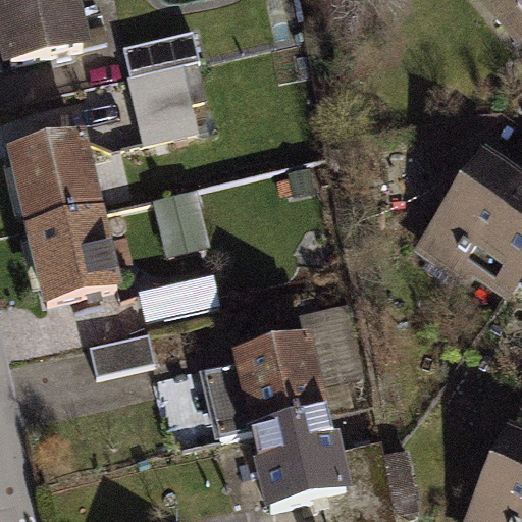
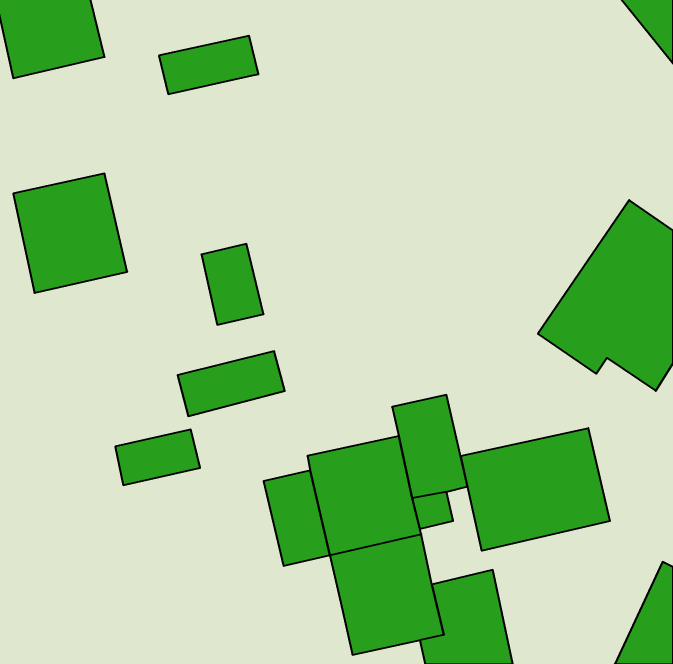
building: [129,58,203,139] -> none
building: [27,209,115,301] -> none
building: none -> [461,428,610,551]

